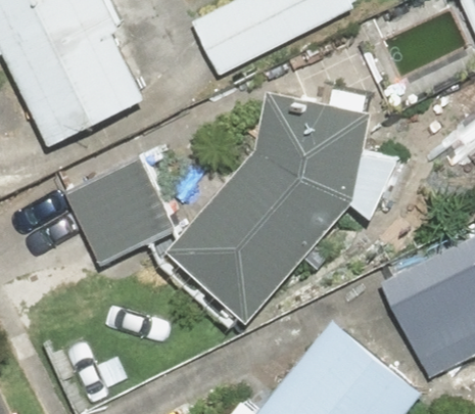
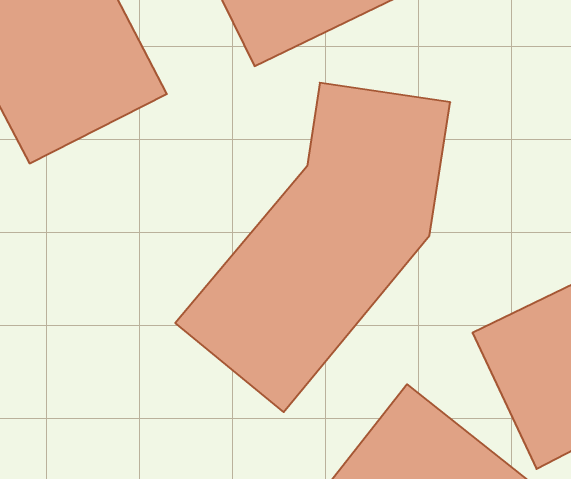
building: [59,147,180,260] -> none

